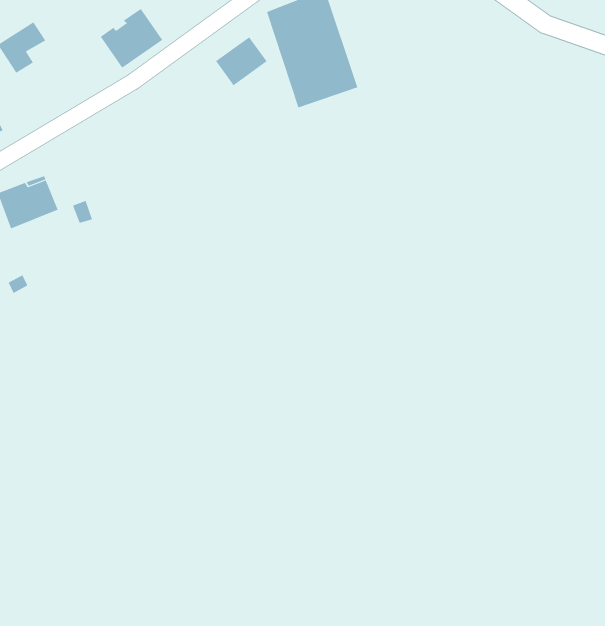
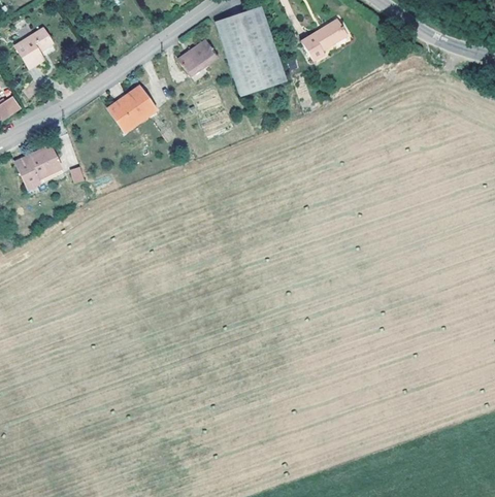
building: none -> [304,19,348,59]
building: [100,8,163,69] -> [107,88,155,133]

